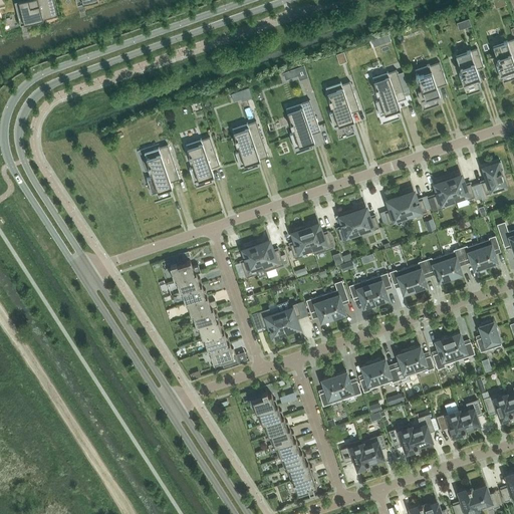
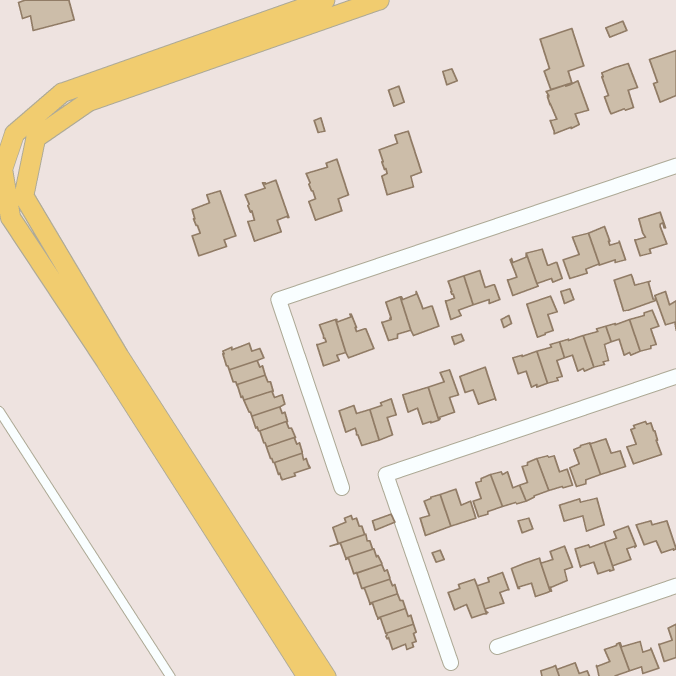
building: [371,70,405,116] -> [540,29,584,90]
building: [326,82,358,127] -> none
building: none -> [614,274,656,311]
building: [367,273,391,304] -> [527,296,557,337]
building: none -> [560,498,604,531]

